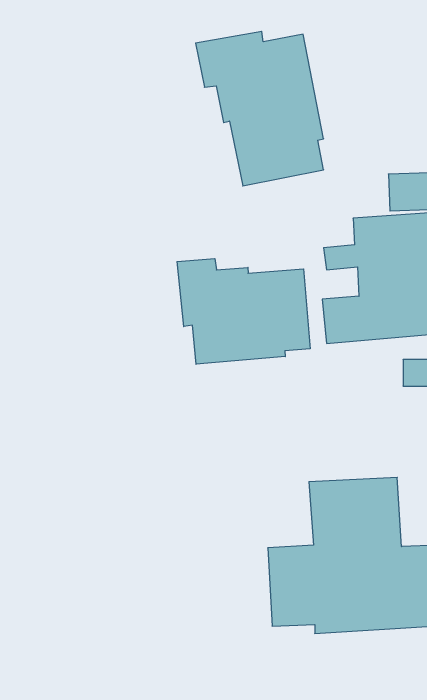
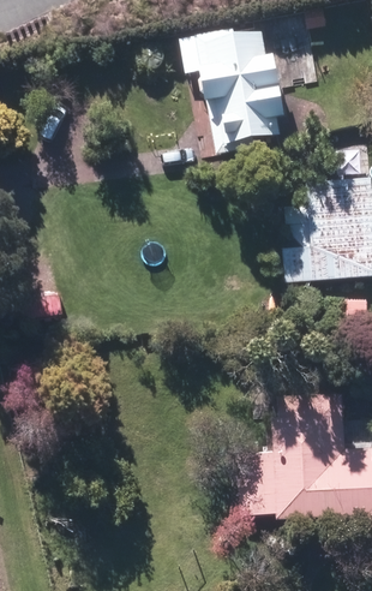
building: [177,259,310,364] -> none

